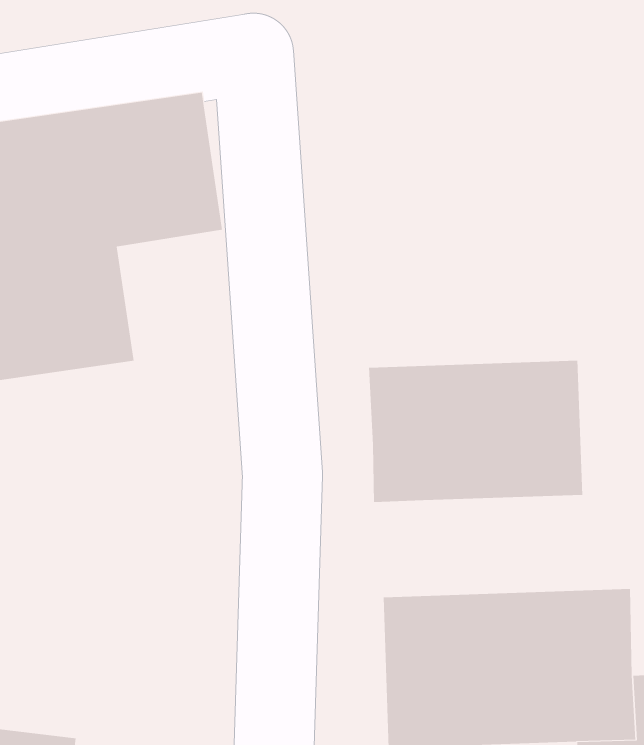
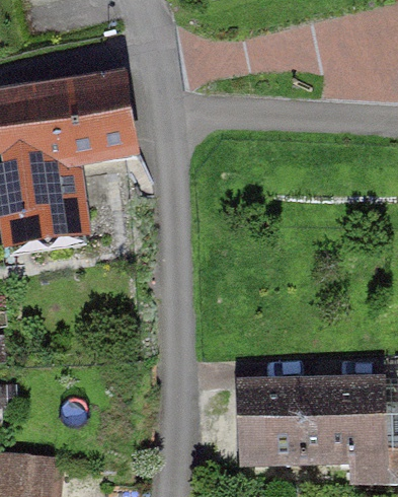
building: [369,360,583,503] -> none

